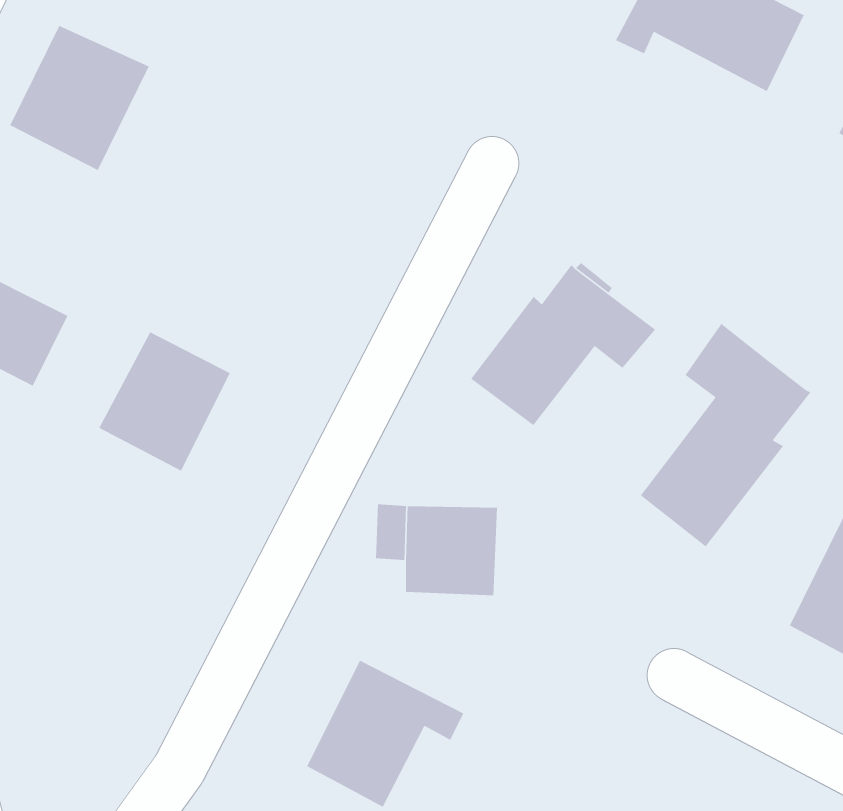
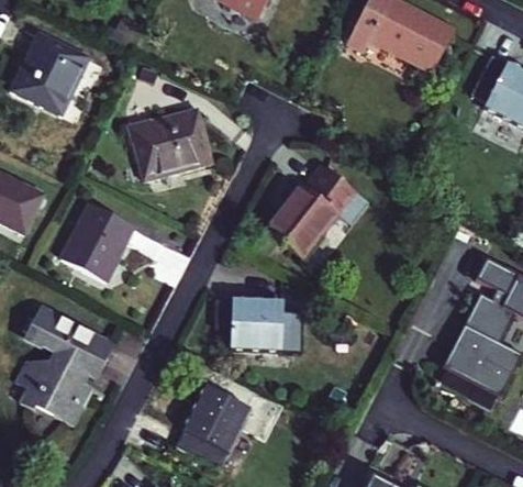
building: none -> [129,108,211,179]
building: [640,323,811,548] -> none
building: none -> [16,307,114,425]

